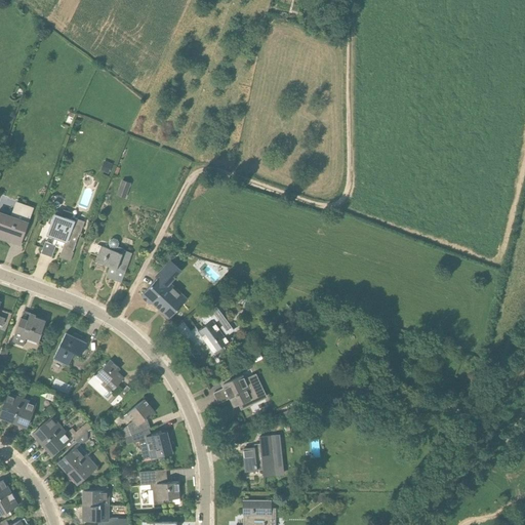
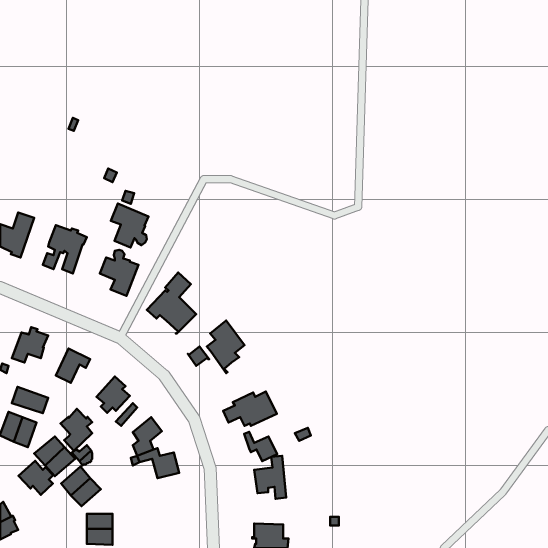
building: none -> [111,204,148,247]
building: none -> [12,387,48,413]
building: none -> [60,409,92,451]
building: none -> [244,432,277,461]
building: none -> [19,461,53,495]
building: [139,470,179,499] -> none

